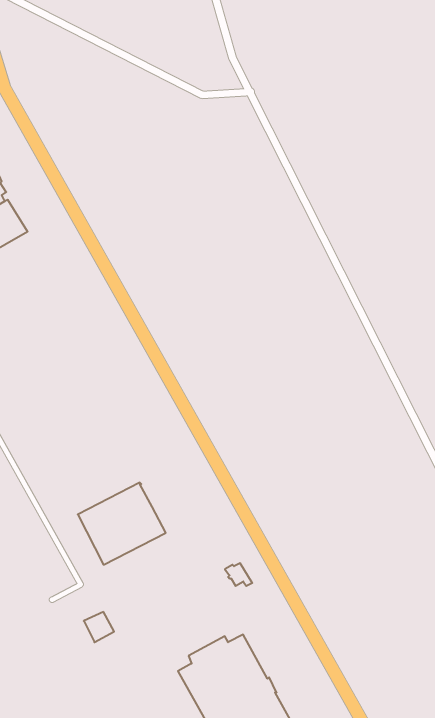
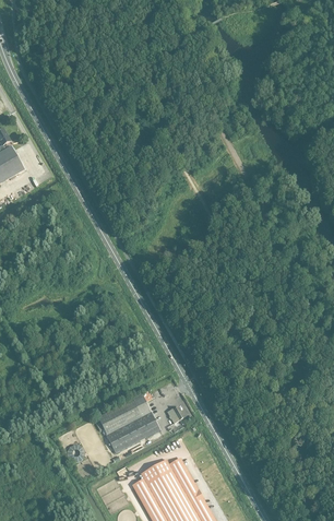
building: [78,483,166,565] -> [96,394,159,453]

